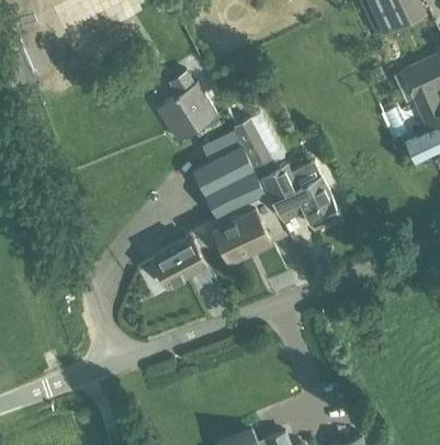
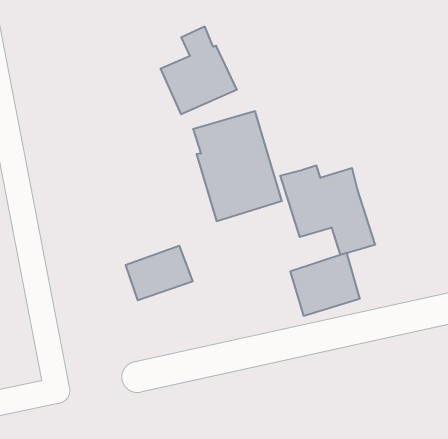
building: [233,119,277,177] -> none
building: [215,214,271,267] -> [290,253,360,316]

